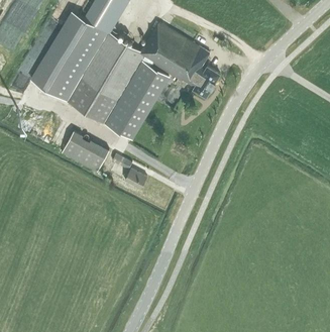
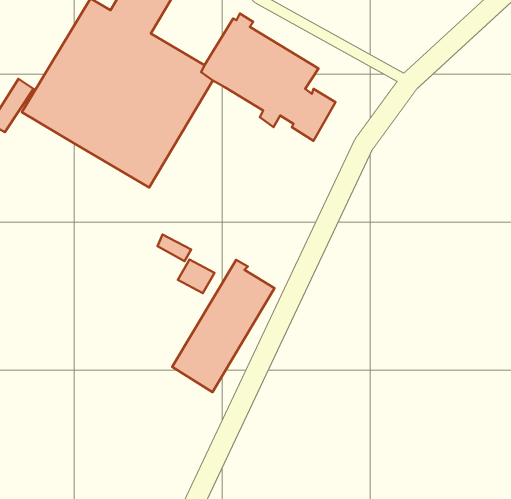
building: [107,62,169,141] -> [172,260,275,392]
building: [63,129,110,171] -> none

